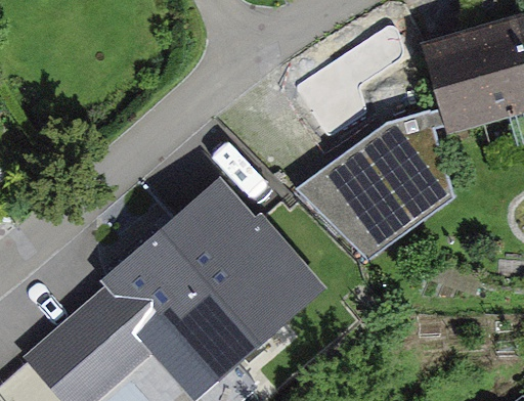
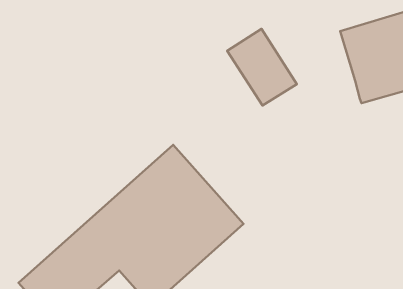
building: [303,105,455,262] -> none

